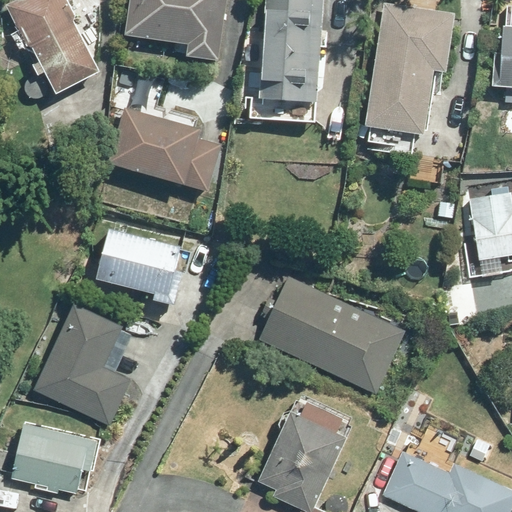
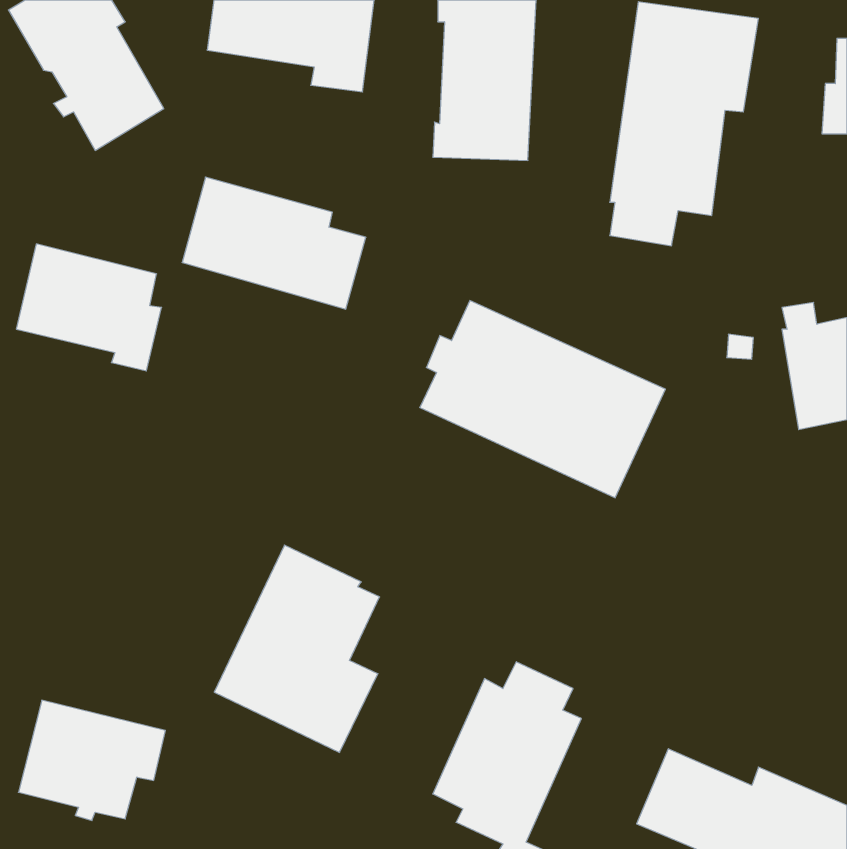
building: [97,226,184,302] -> [16,244,162,371]
building: [256,276,403,394] -> [420,301,665,498]
building: [33,302,132,426] -> [214,545,380,752]

